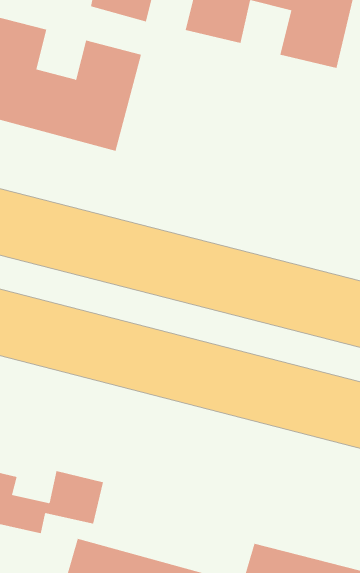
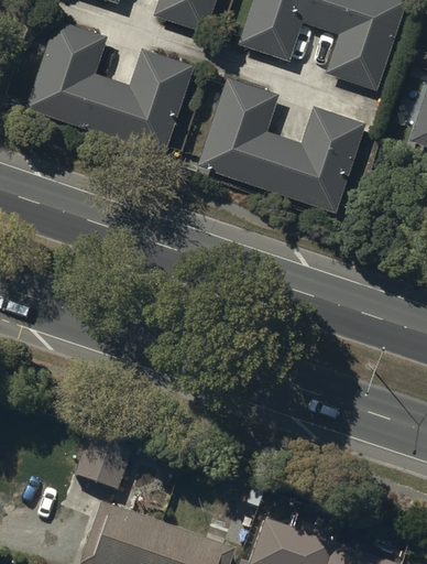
building: none -> [198,74,365,210]

